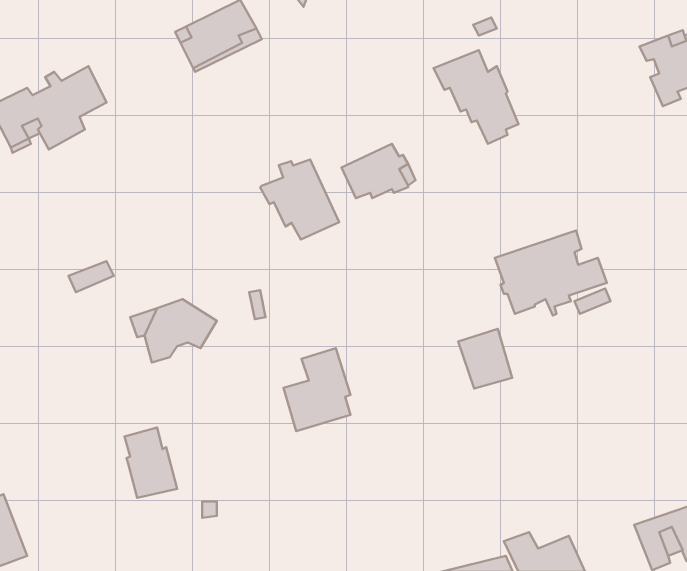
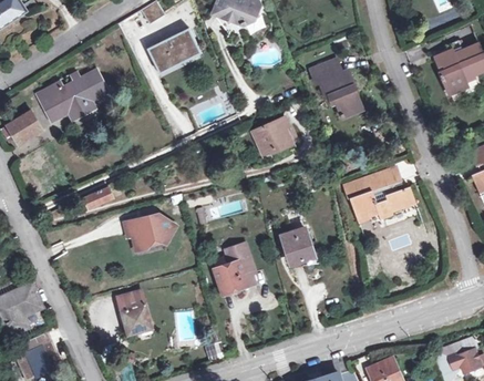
building: [260,159,339,240] -> none
building: [458,329,512,389] -> [280,227,313,264]

